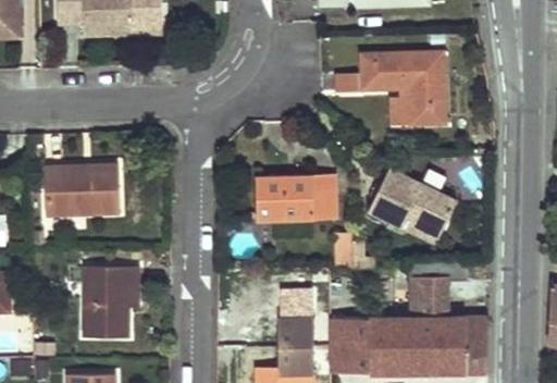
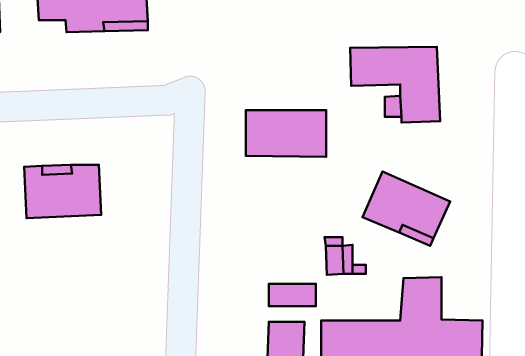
building: [258,183,336,228] -> [246,110,326,157]
building: [81,267,140,338] -> none

